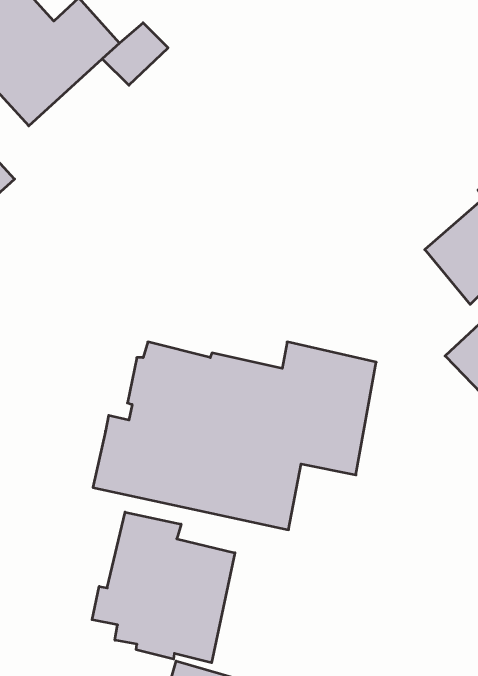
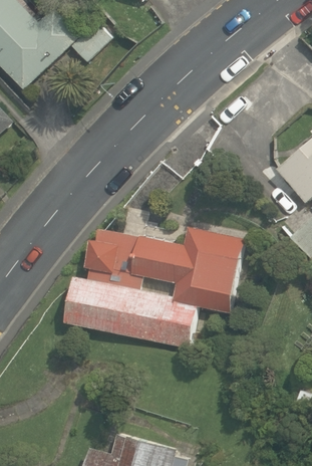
building: [92,512,235,663] -> none

